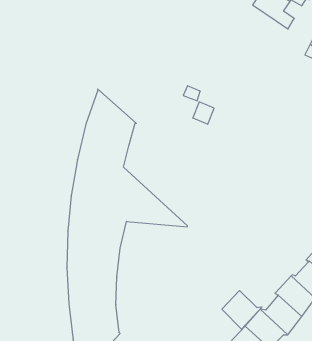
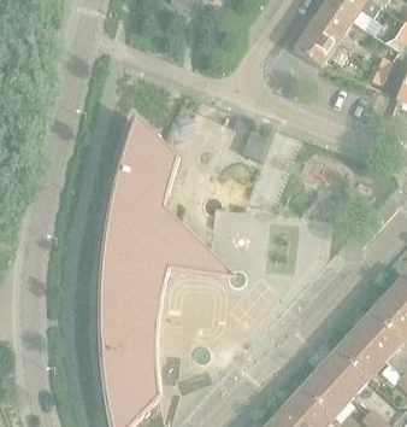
building: none -> [293,25,348,68]
building: [222,291,262,329] -> none

